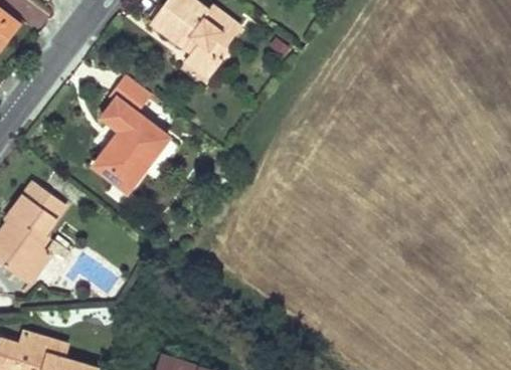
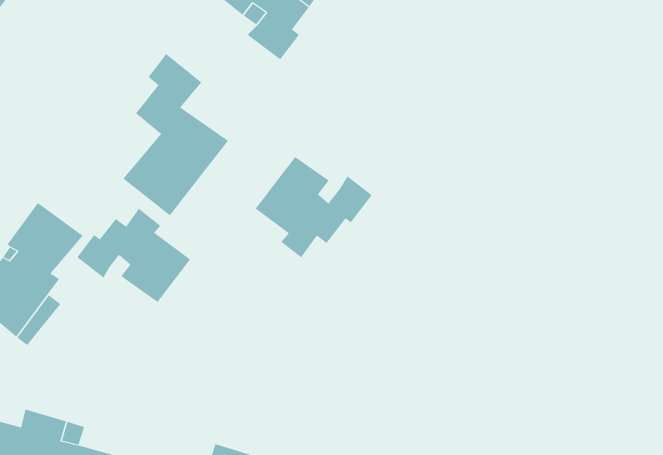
building: none -> [255,156,372,258]
building: none -> [76,208,191,303]

